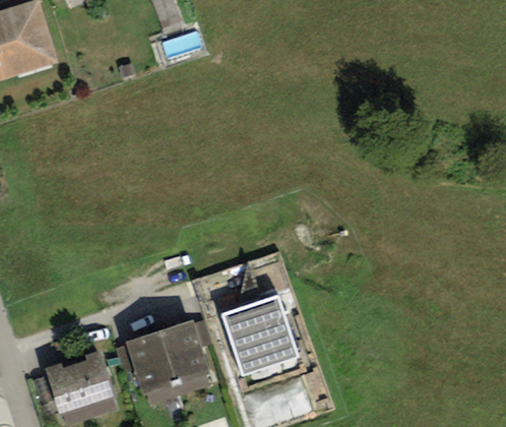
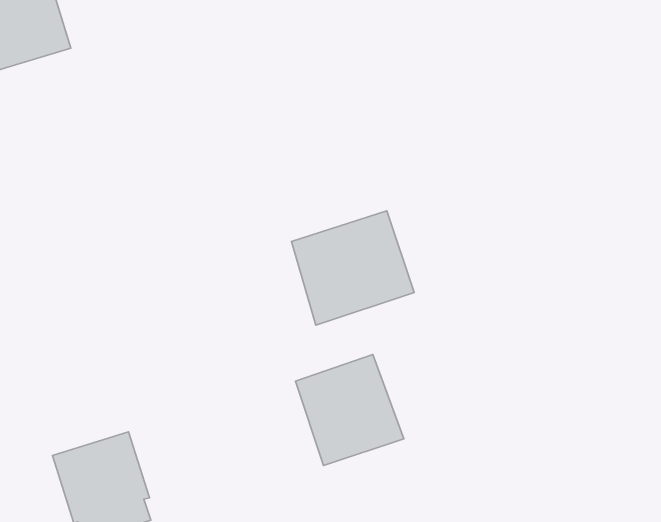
building: none -> [292,211,414,325]
building: [124,317,209,393] -> none

